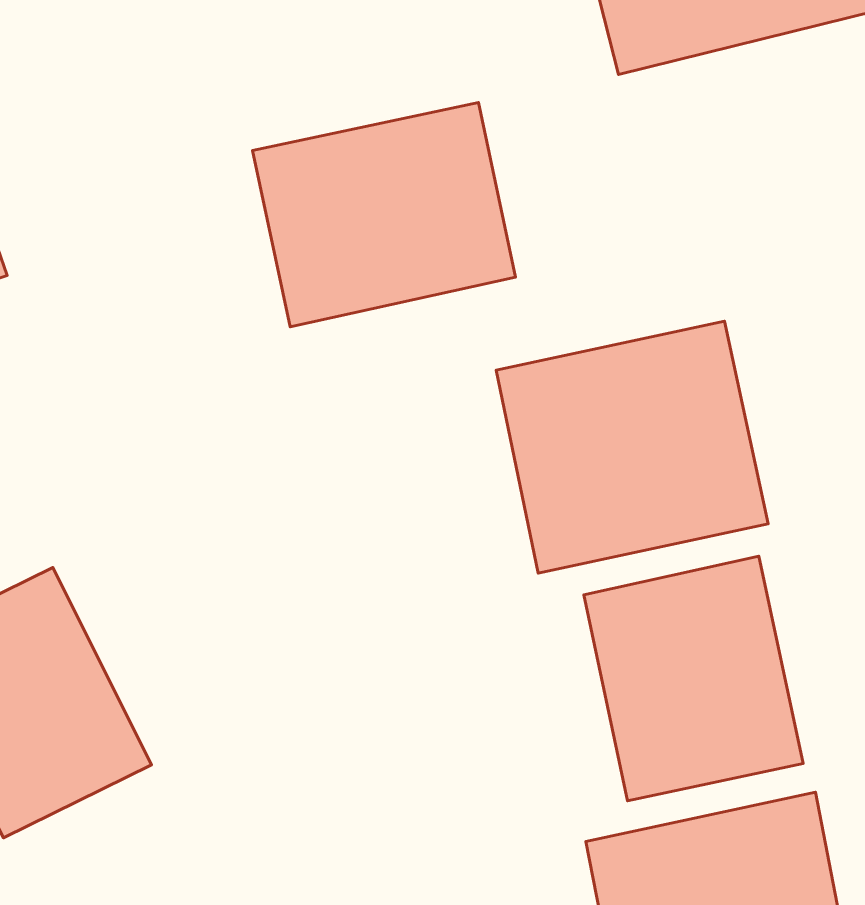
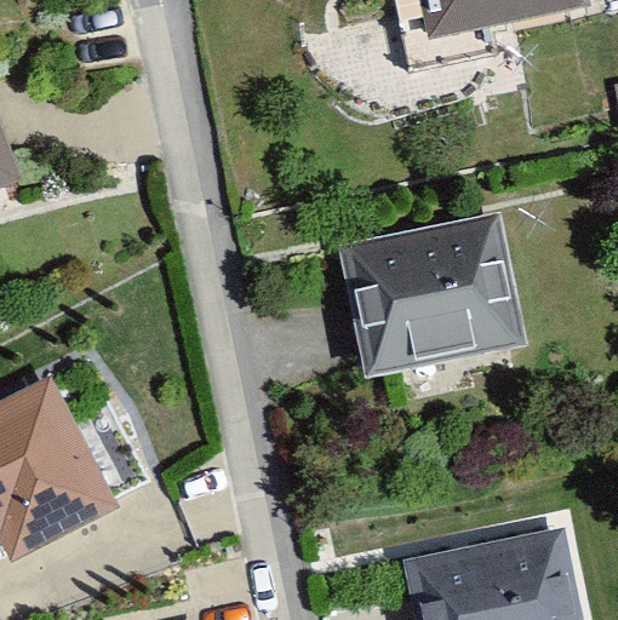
building: [253,102,515,327] -> none
building: [584,556,803,801] -> none

